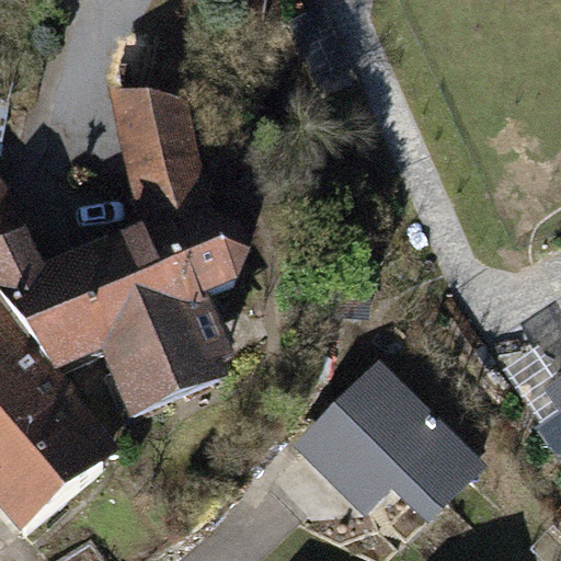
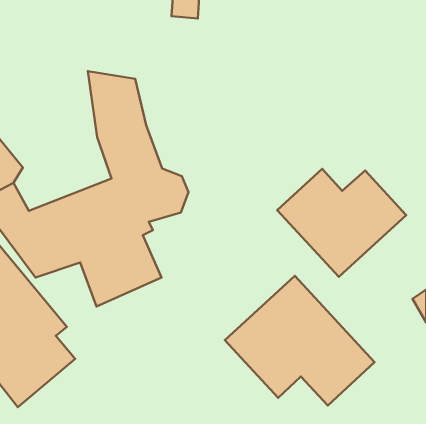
building: none -> [277,169,406,277]

